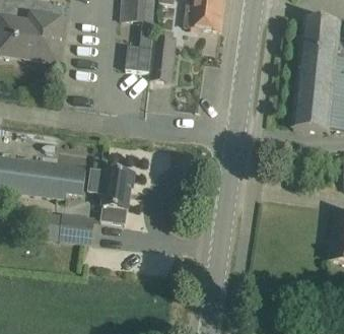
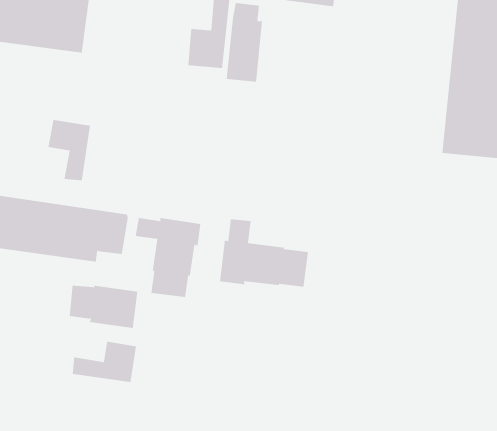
building: none -> [48,119,91,181]
building: none -> [219,218,309,287]
building: none -> [72,341,137,383]

